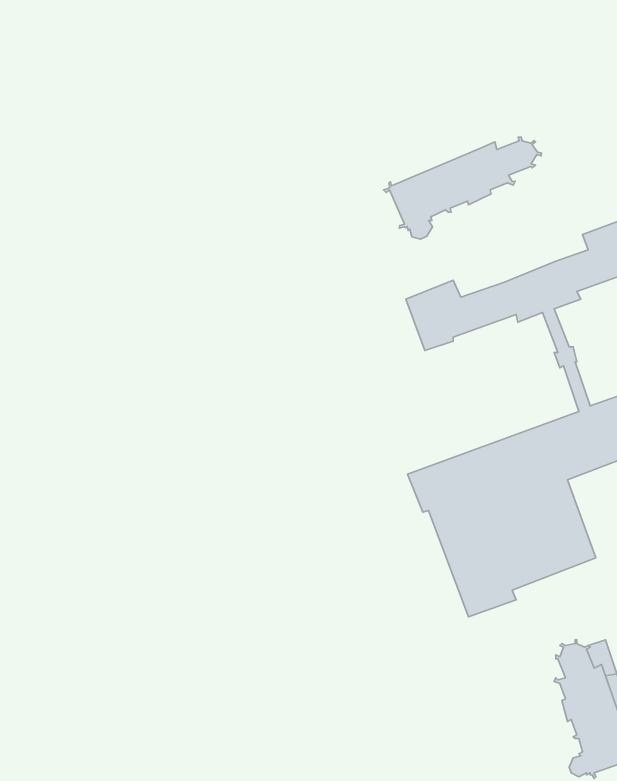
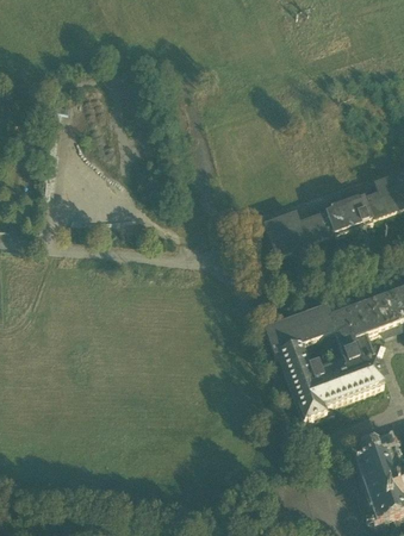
building: [383,137,541,239] -> none

